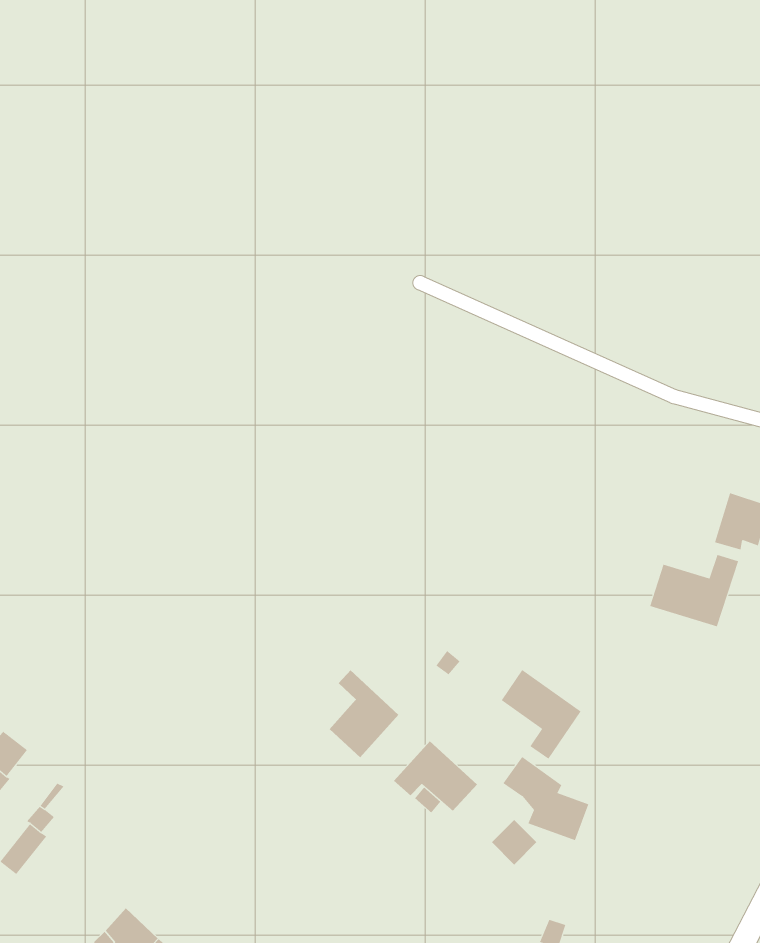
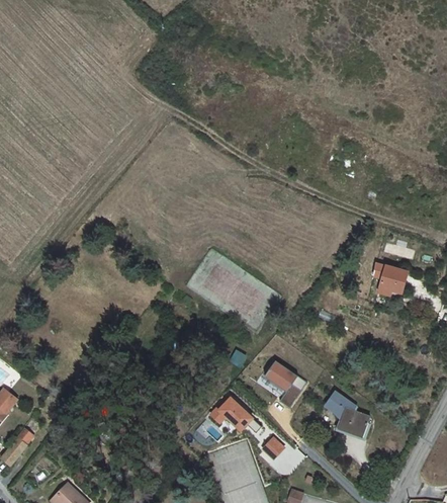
building: [649,554,739,627] -> none
building: [329,669,399,758] -> none
building: [503,756,589,841] -> [325,391,370,435]

